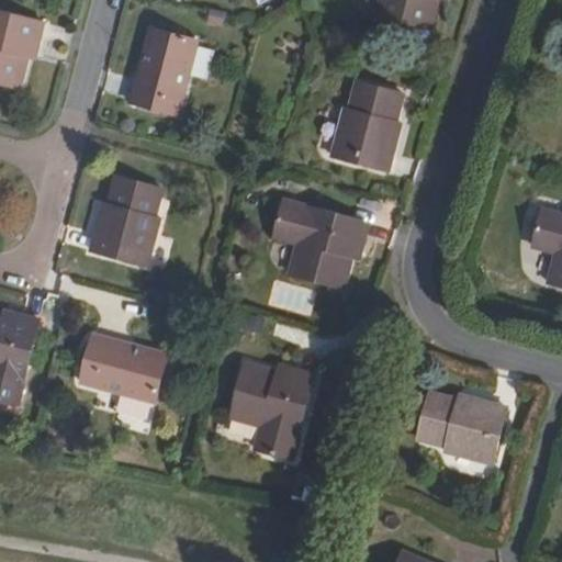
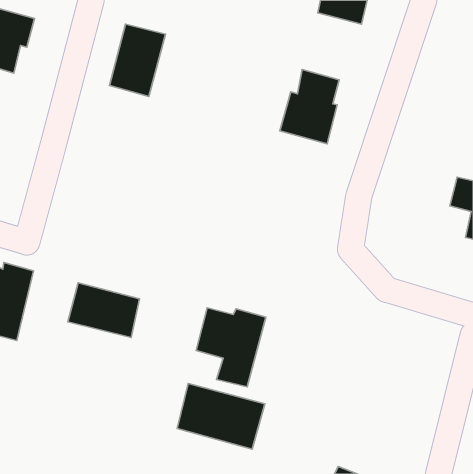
building: [90,177,158,263] -> none
building: [273,201,364,286] -> none
building: [416,393,503,461] -> none
building: none -> [177,384,265,449]

